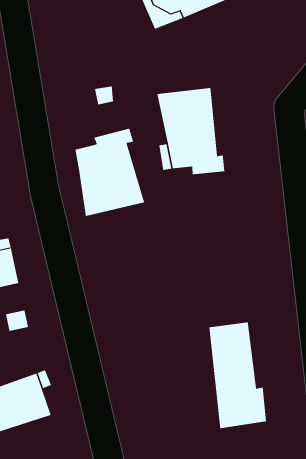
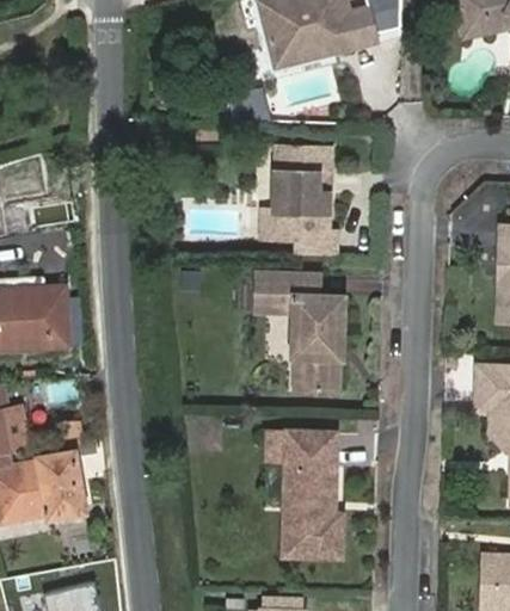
building: [75,128,145,217] -> none
building: none -> [254,271,346,390]

